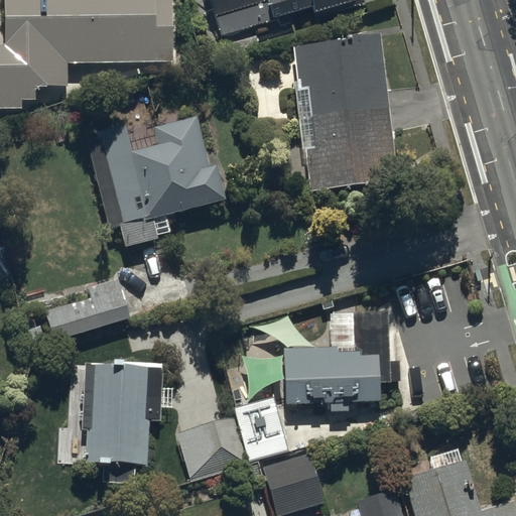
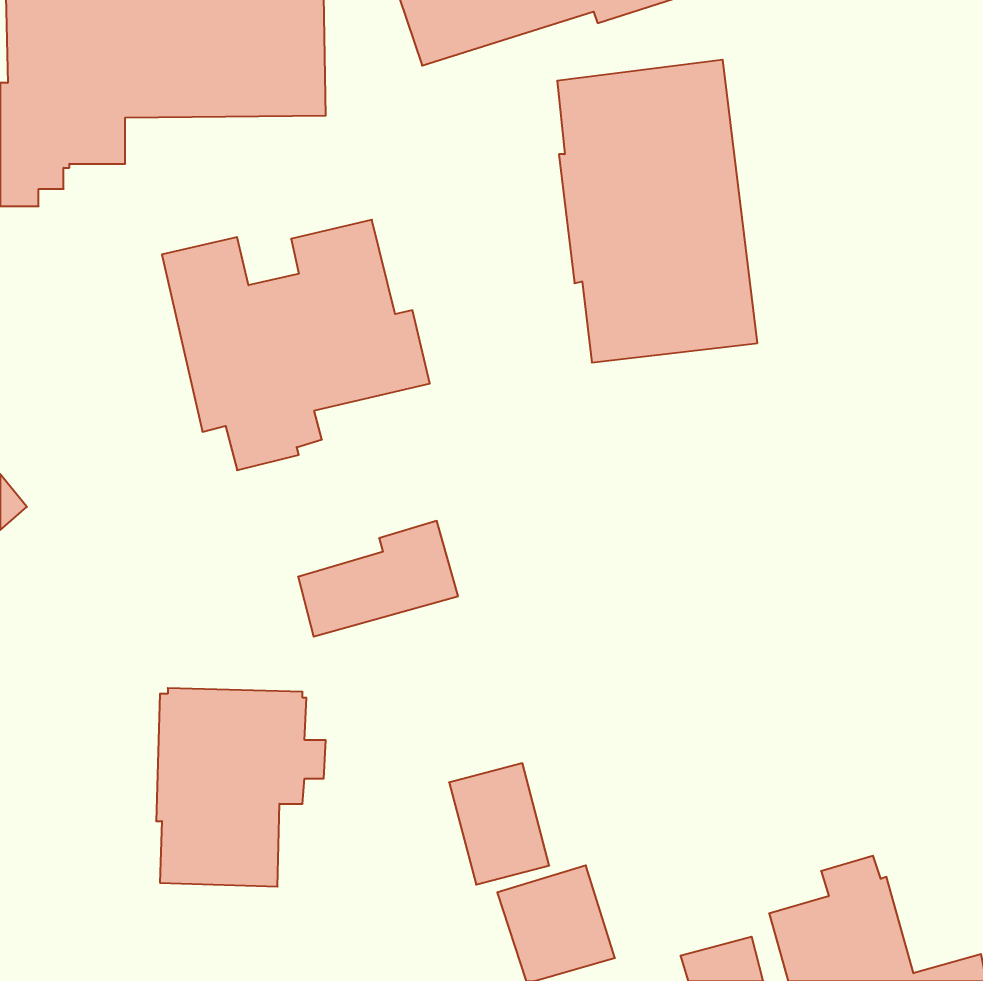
building: [45,279,129,340] -> [298,521,458,637]
building: [284,313,391,407] -> none
building: [175,415,246,479] -> none

